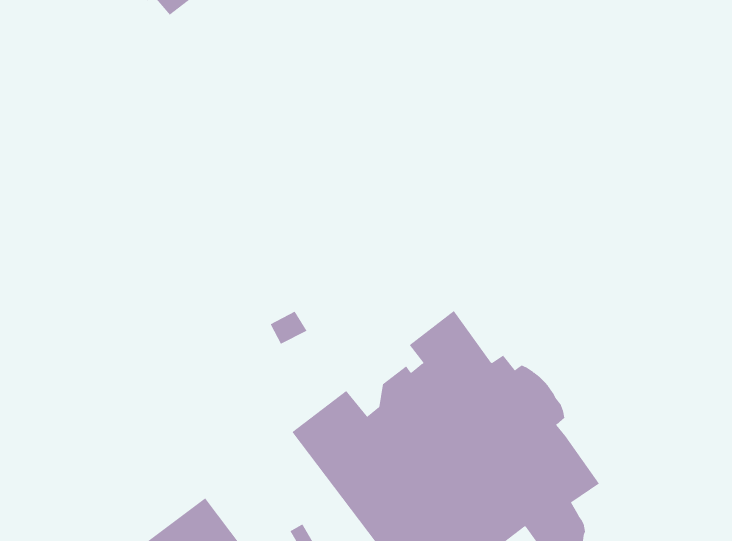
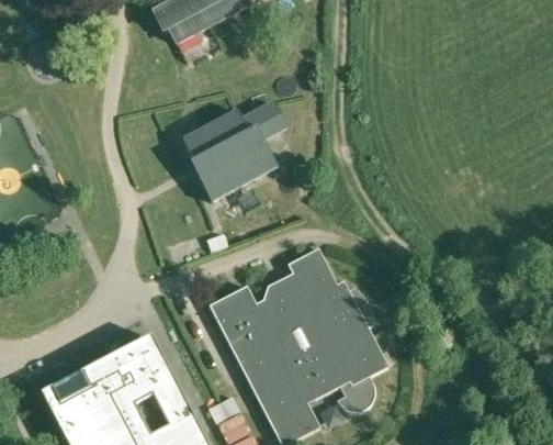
building: none -> [182,101,285,200]

